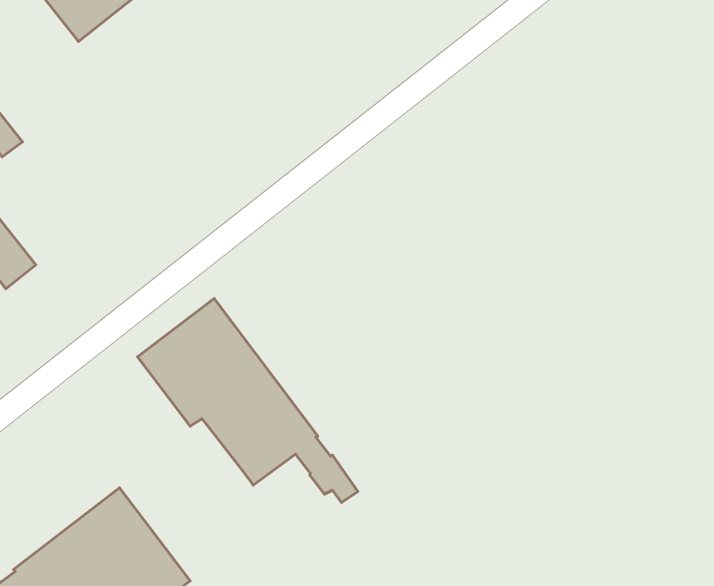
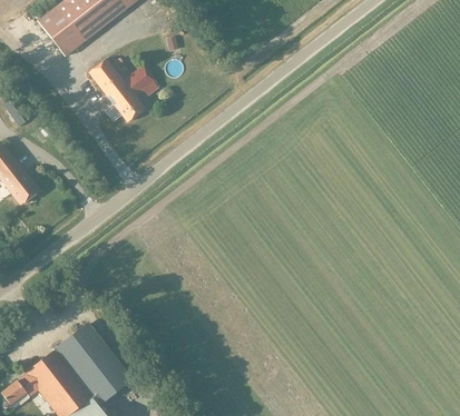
building: none -> [88,59,155,121]
building: [137,299,358,503] -> none

